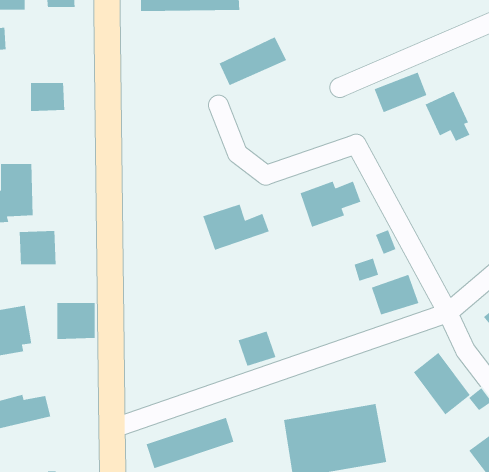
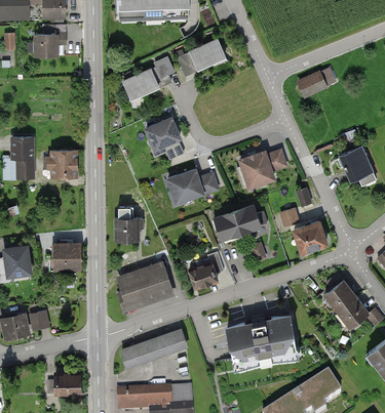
building: none -> [123,64,170,99]
building: [30,82,65,112] -> [34,34,61,56]
building: [425,91,470,142] -> [340,146,375,184]
building: none -> [142,114,181,158]
building: [19,230,57,265] -> [50,148,79,174]
building: none -> [211,204,264,242]
building: none -> [117,216,141,238]
building: none -> [116,262,175,312]

